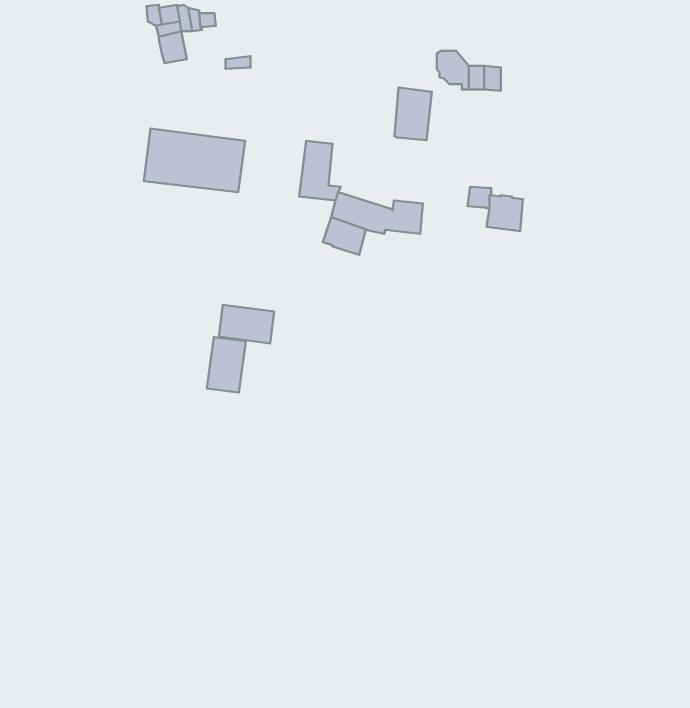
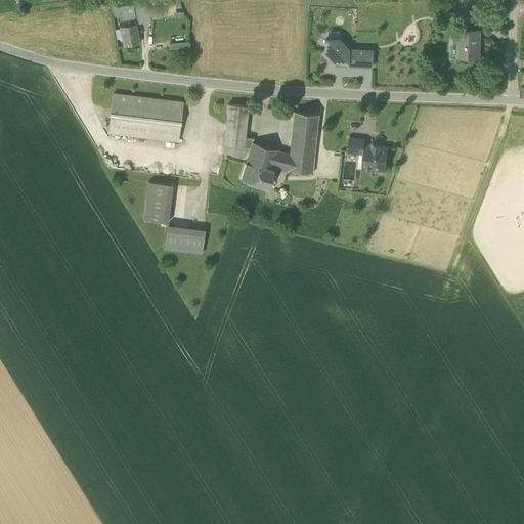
building: none -> [458,30,481,58]
building: [394,88,432,140] -> [292,112,319,150]
building: [207,337,246,393] -> [144,182,173,223]

